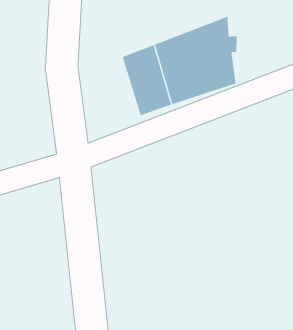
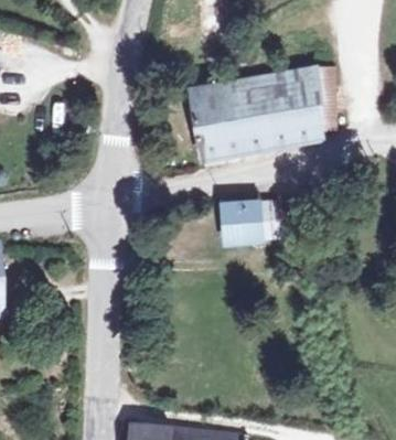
building: none -> [229,196,283,239]

